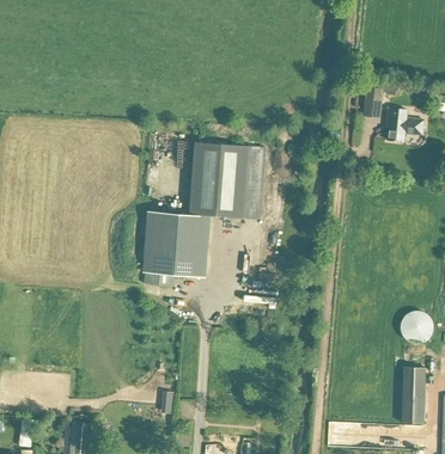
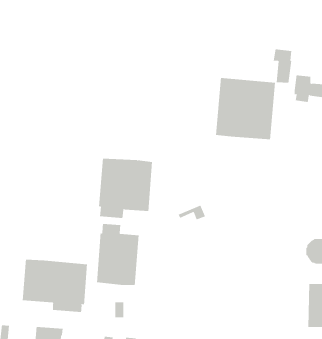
building: [190,142,266,220] -> [215,78,276,140]
building: none -> [97,223,139,286]
building: none -> [22,259,88,313]

